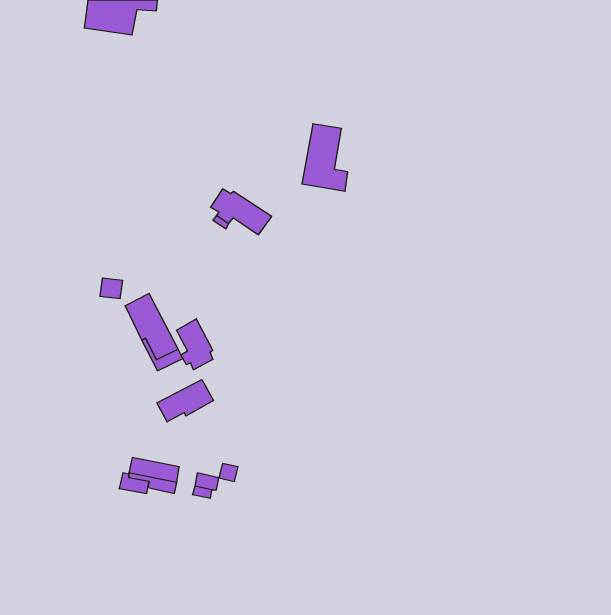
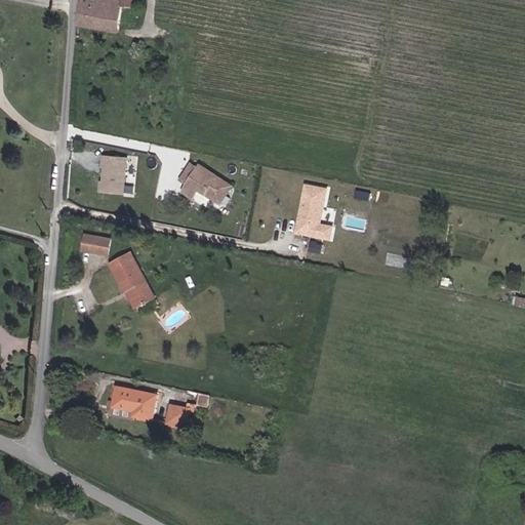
building: [302,124,348,191] -> [294,183,333,240]
building: none -> [99,154,127,194]
building: [177,319,213,370] -> none
building: [157,380,213,422] -> none

